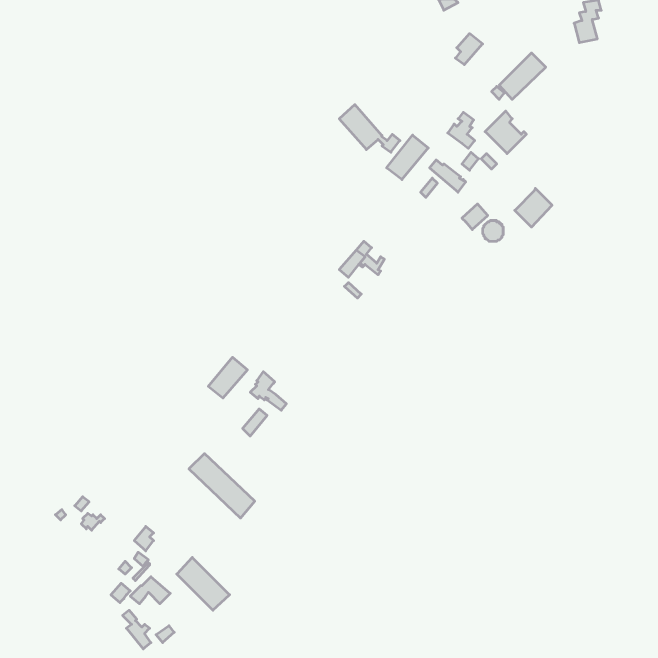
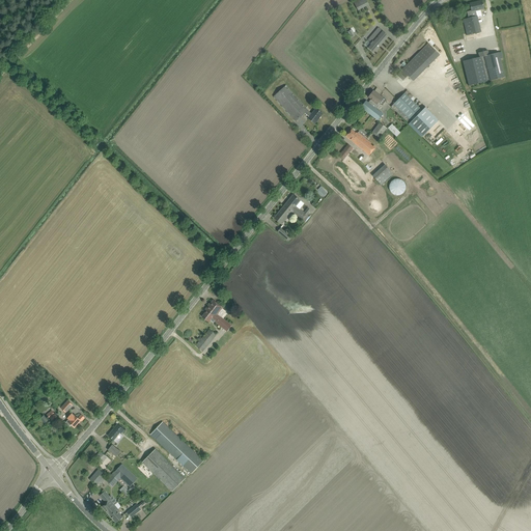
building: none -> [462,50,504,85]
building: [387,135,428,180] -> none
building: [515,188,552,227] -> [408,106,438,137]
building: [208,357,247,398] -> none
building: [189,454,255,518] -> [149,421,202,473]

